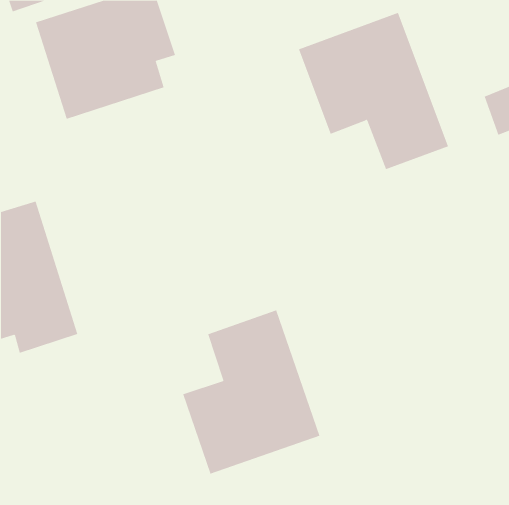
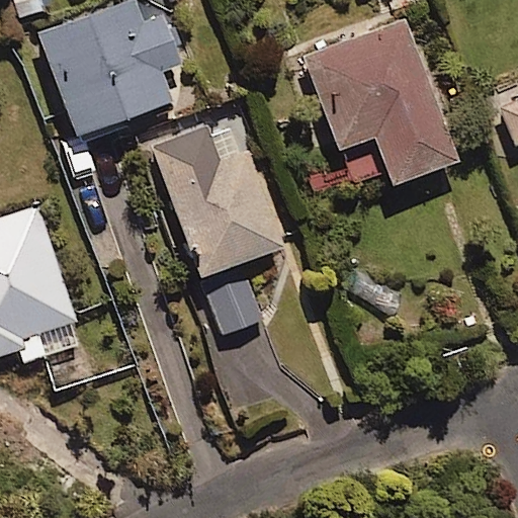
building: none -> [152,126,283,337]
building: [183,310,320,474] -> none

